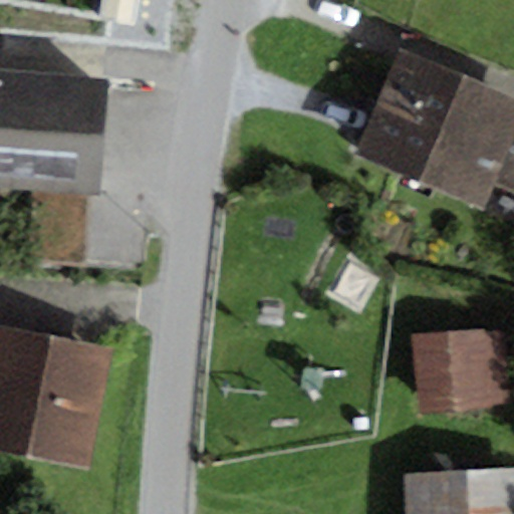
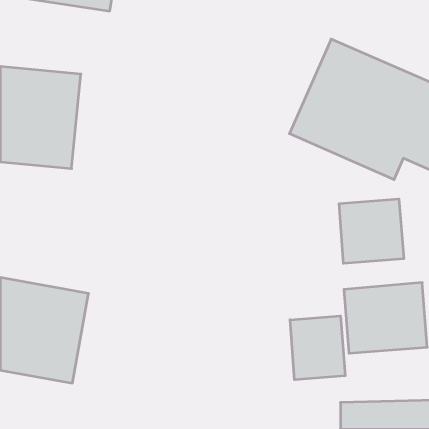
building: none -> [339,199,404,263]
building: none -> [290,316,345,380]

